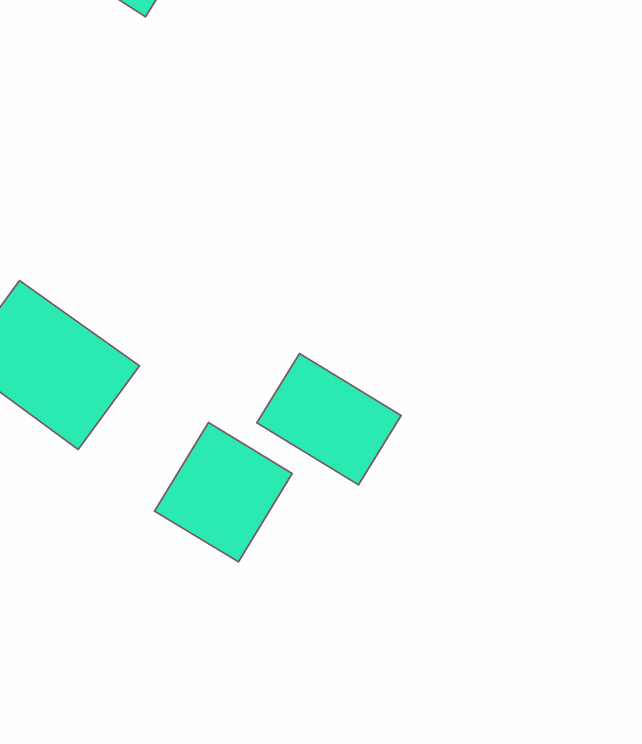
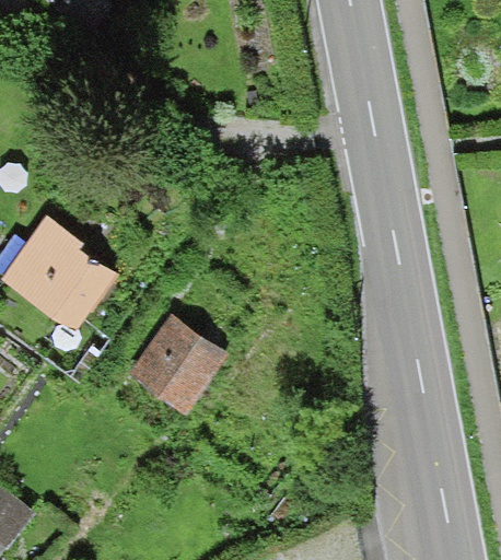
building: [257,353,401,485] -> none

